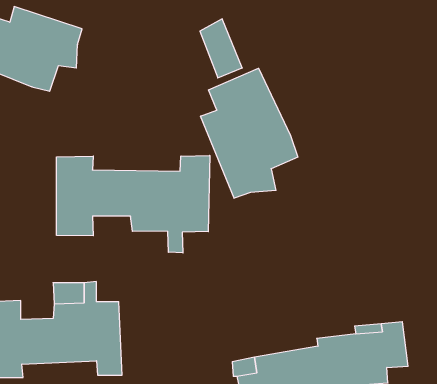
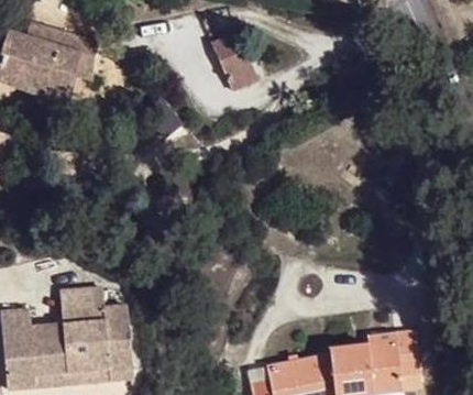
building: [201,68,298,198] -> none
building: [57,155,210,253] -> none

